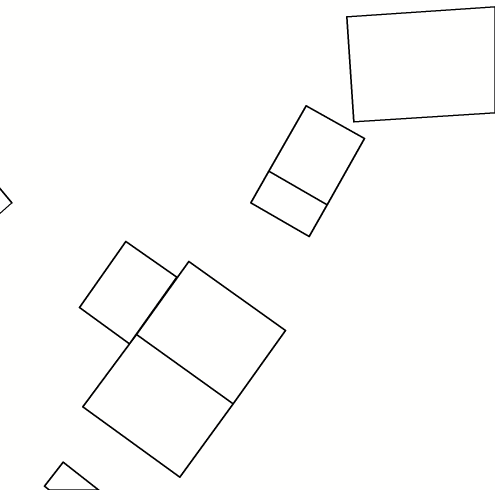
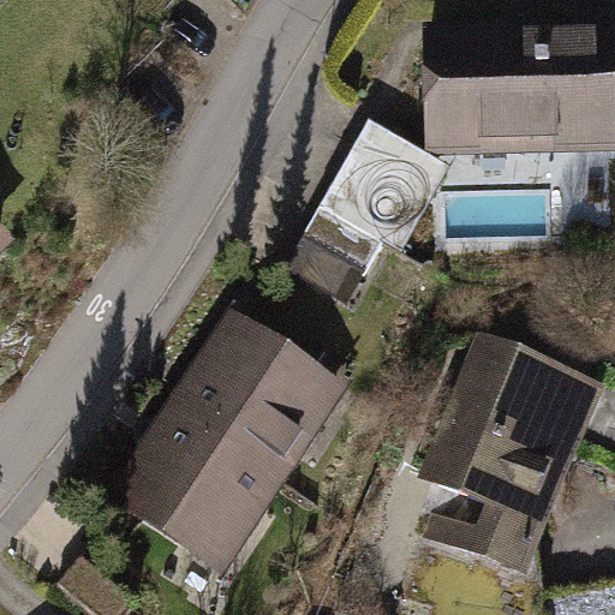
building: [79,241,177,344] -> none
building: none -> [399,336,596,575]

